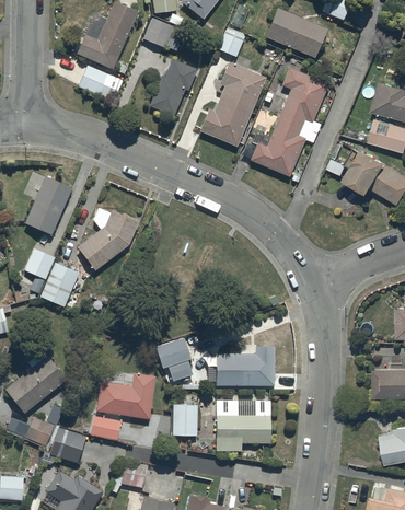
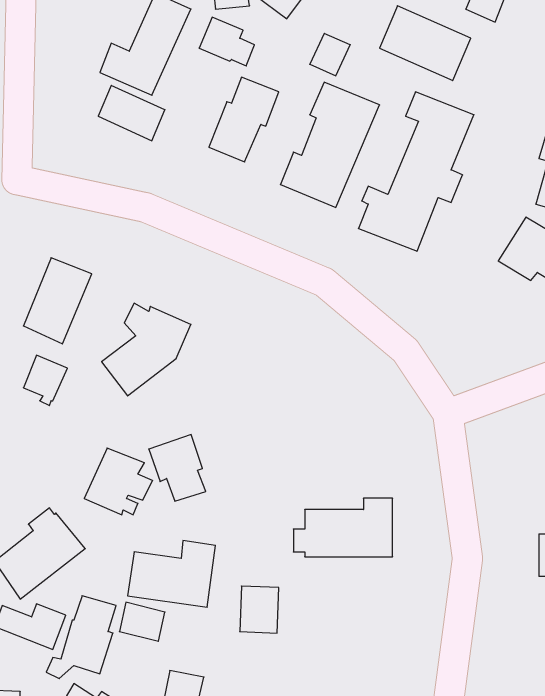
building: [38,262,84,306] -> [84,448,153,515]
building: [153,335,192,380] -> [149,435,206,501]
building: [213,399,268,450] -> none

